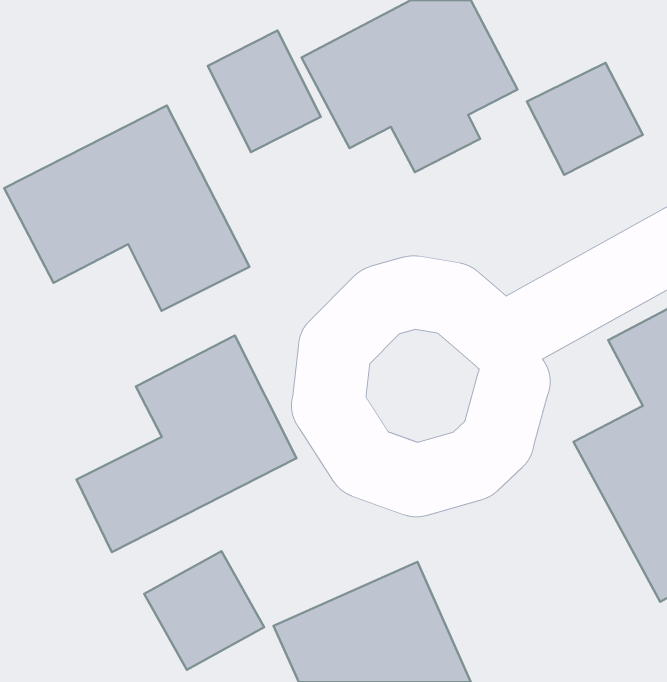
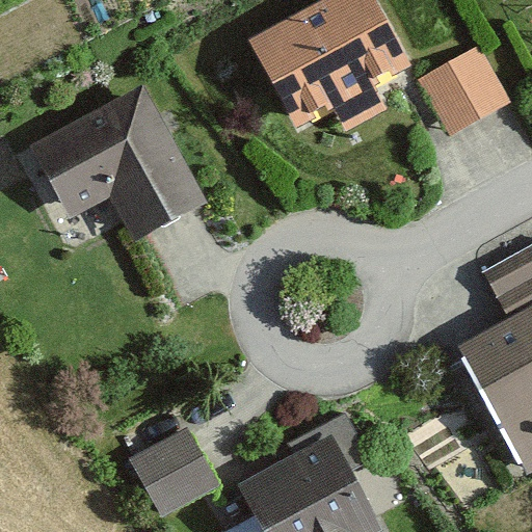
building: [208,30,321,152] -> none
building: [77,336,296,552] -> none

